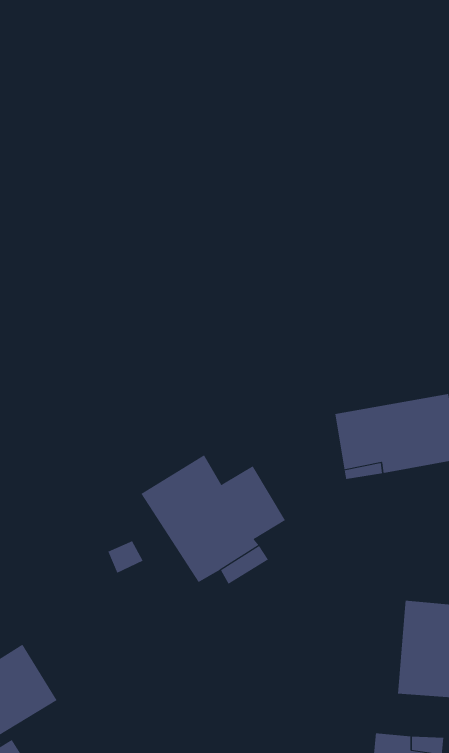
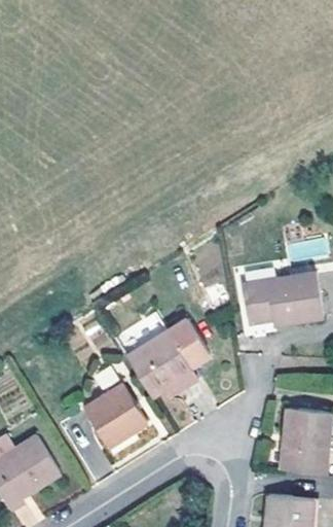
building: none -> [83,383,147,447]

